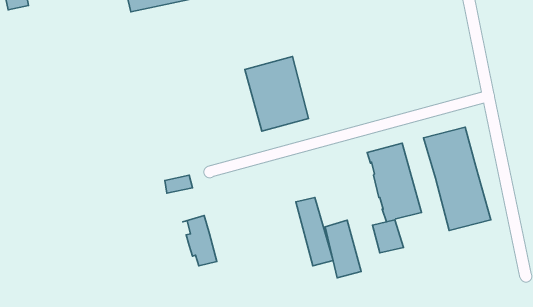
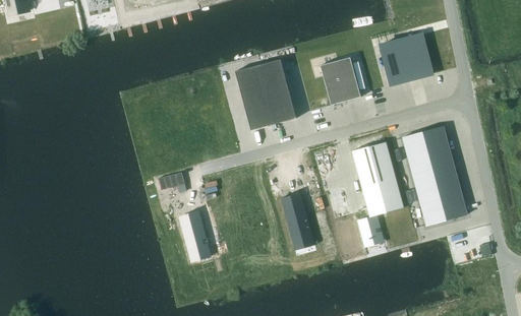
building: none -> [380,34,430,84]
building: none -> [319,57,360,105]
building: [325,220,361,278] -> none

